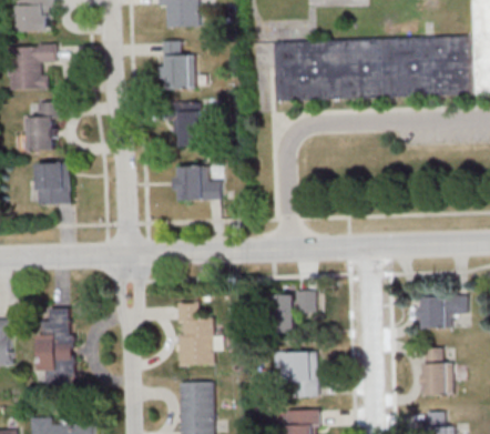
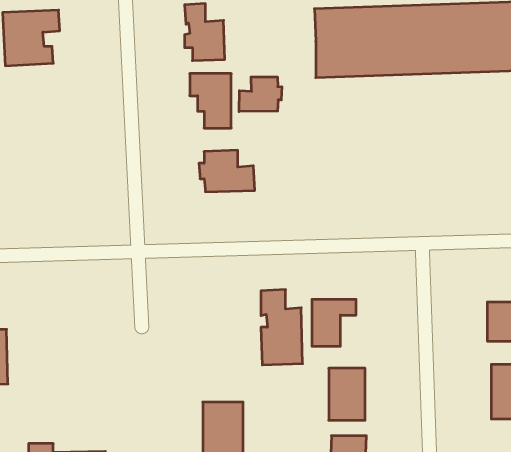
building: [23,100,61,149] -> none
building: none -> [239,77,282,112]
building: [35,161,69,203] -> none
building: [176,300,212,364] -> [261,290,303,365]
building: [35,305,73,380] -> none

